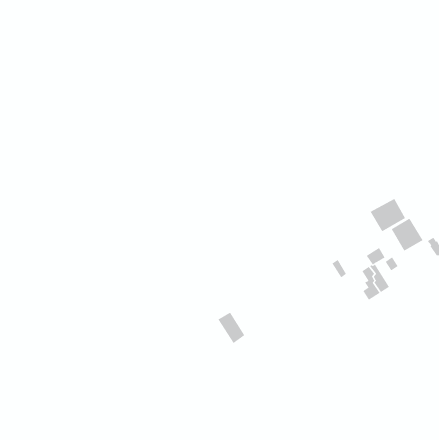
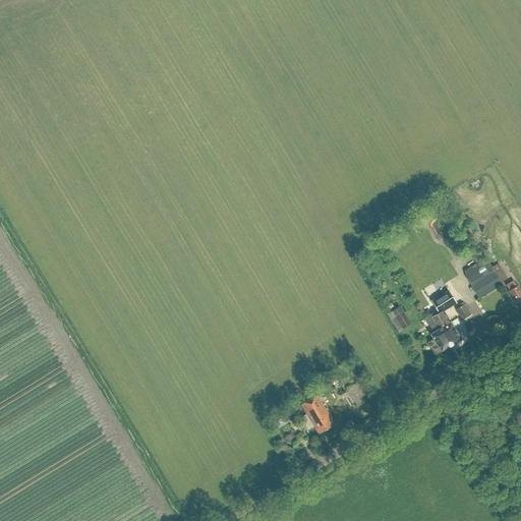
building: [370,198,406,232] -> none
building: [218,312,245,344] -> [303,396,336,433]

